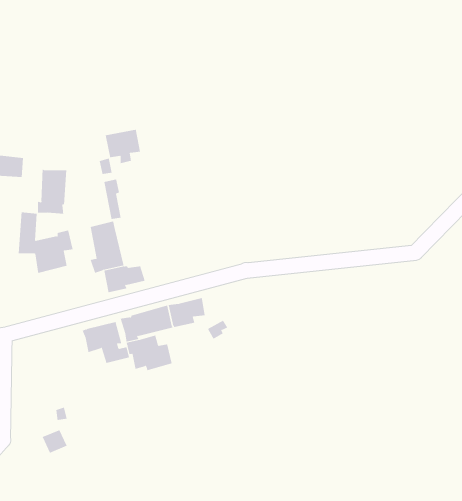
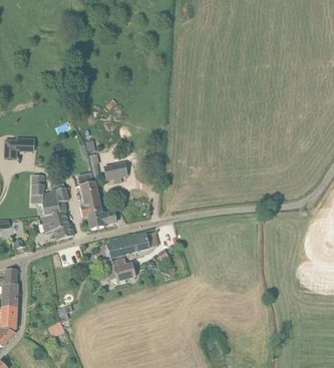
building: [105,129,141,164] -> [103,160,127,183]
building: [37,168,67,215] -> none
building: [82,321,130,363] -> [41,211,73,239]

